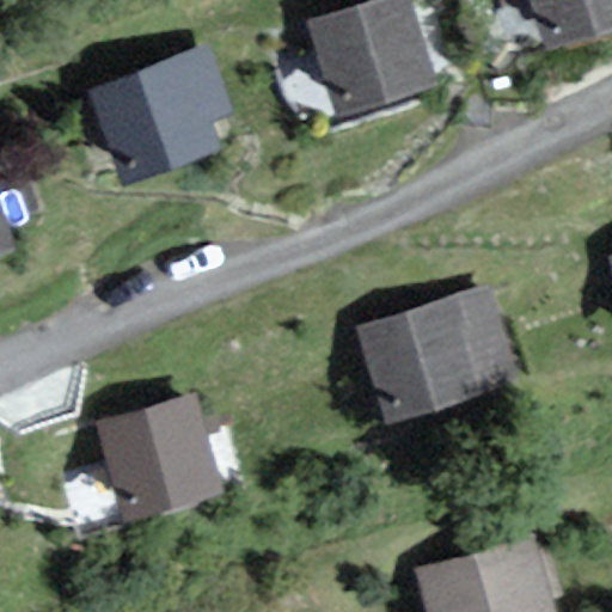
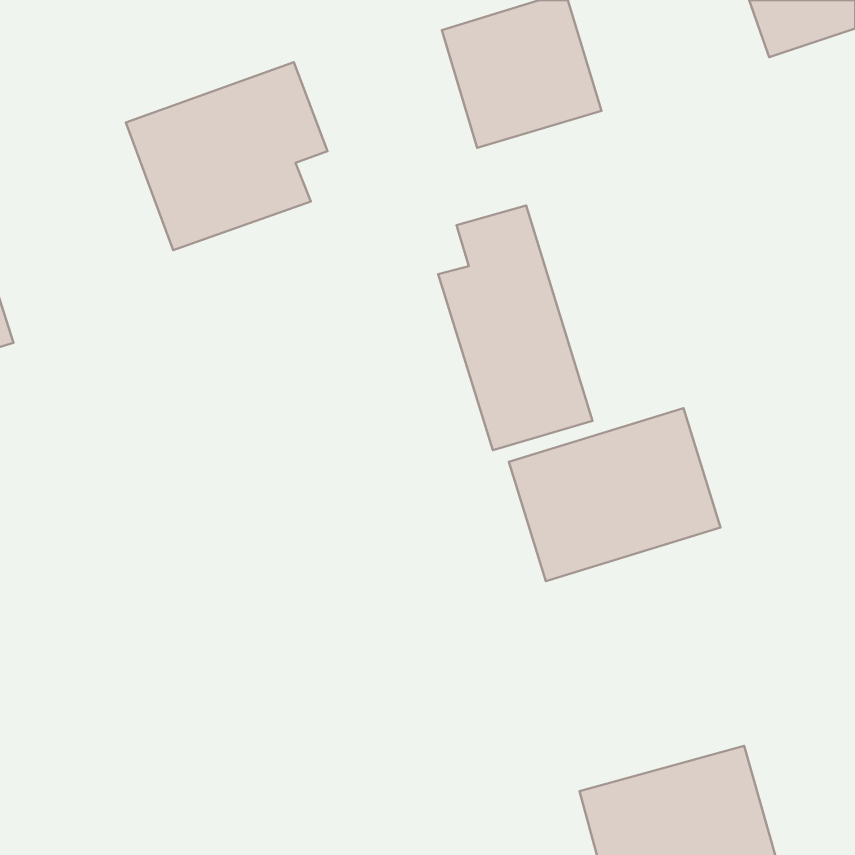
building: none -> [438,206,592,450]
building: [105,399,216,512] -> none

